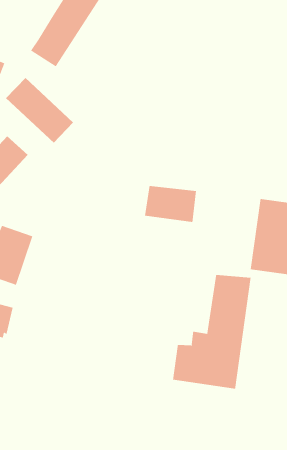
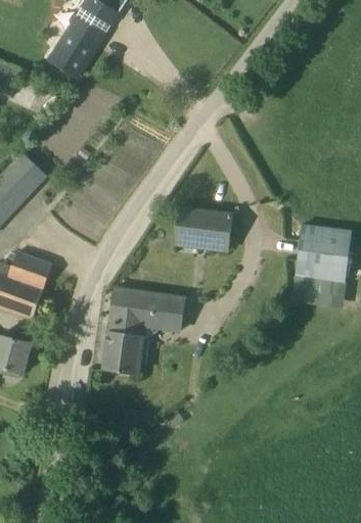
building: [5,77,74,143] -> none
building: none -> [101,288,185,374]
building: [173,274,251,389] -> none

